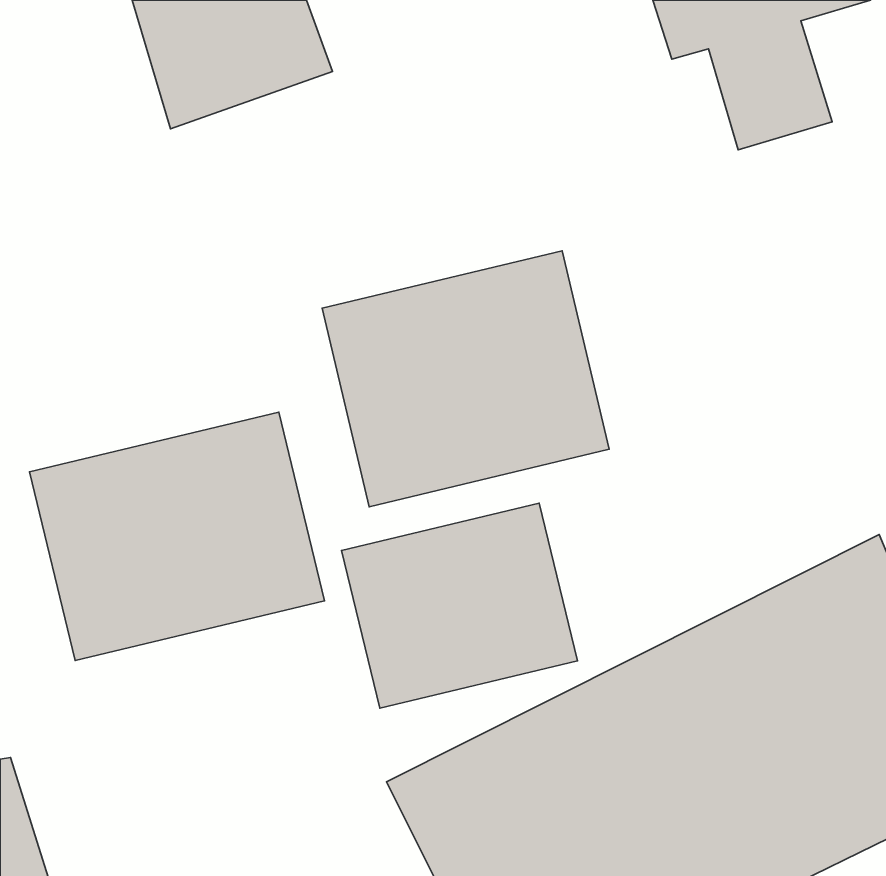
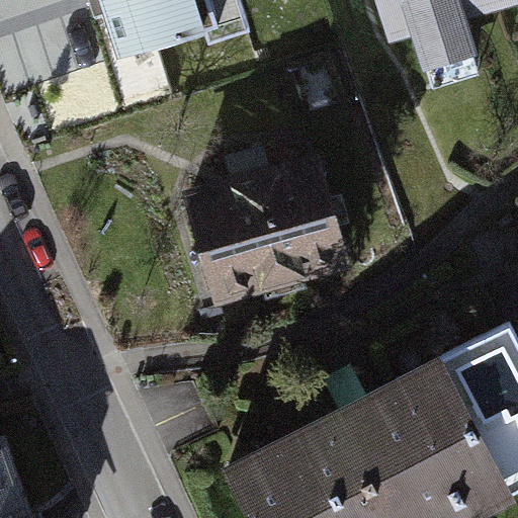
building: [30,412,325,661] -> none
building: [342,503,577,708] -> none

